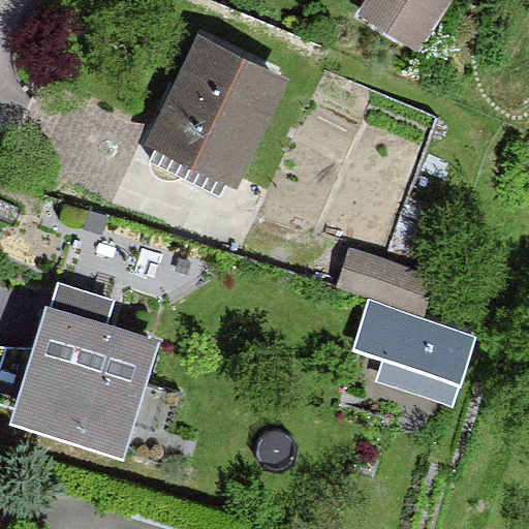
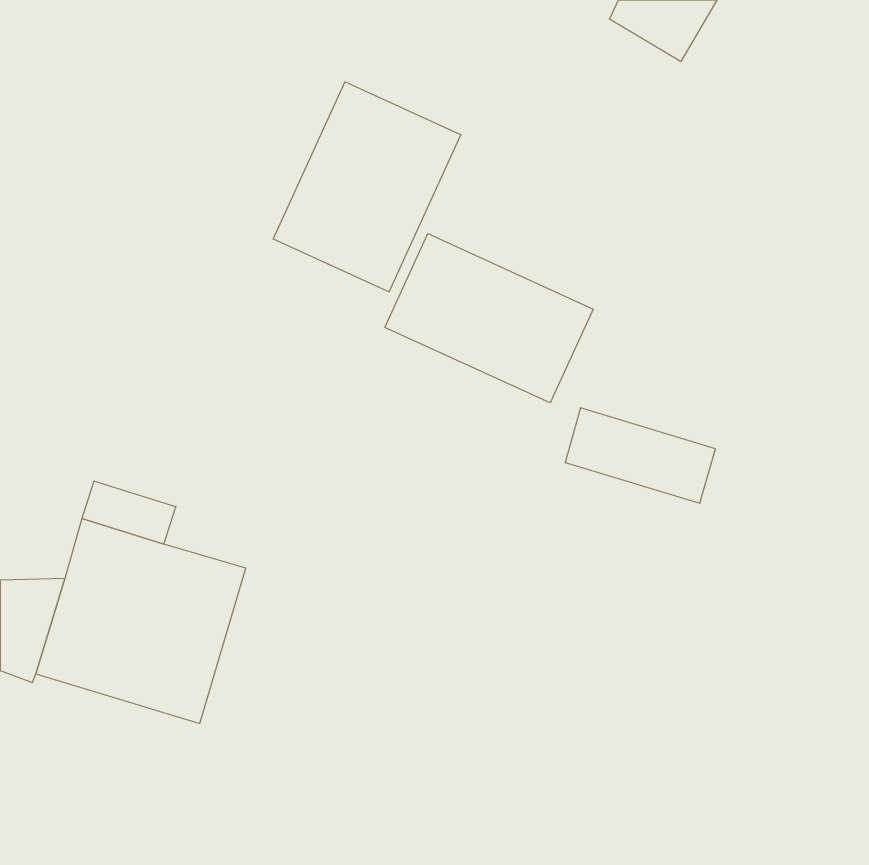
building: none -> [385,234,593,403]
building: [361,307,471,399] -> none

